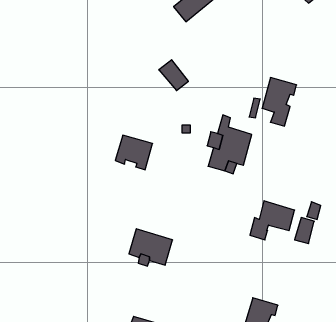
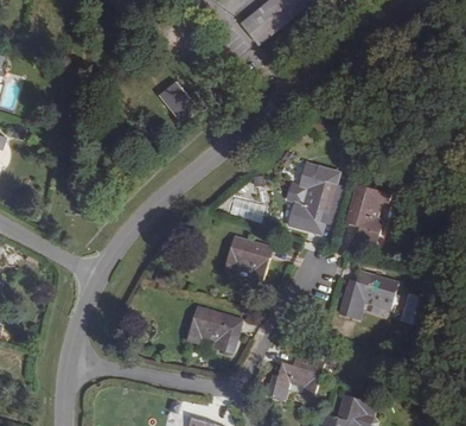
building: [159,60,188,91] -> [159,82,197,121]
building: [262,78,297,126] -> [345,183,389,244]
building: [115,135,153,170] -> [224,236,272,280]
building: none -> [274,355,324,396]

